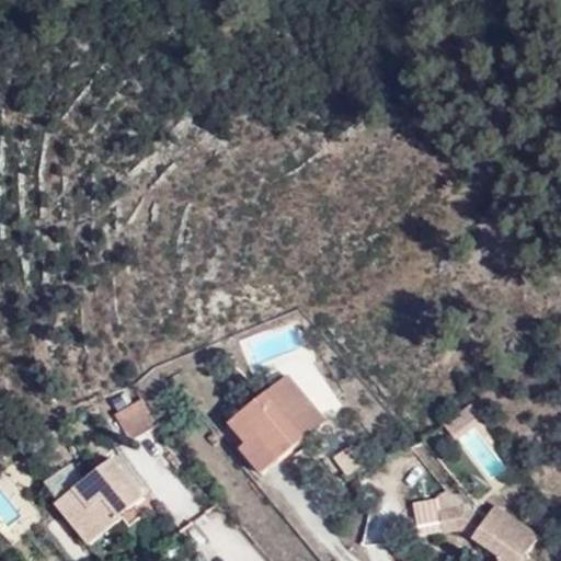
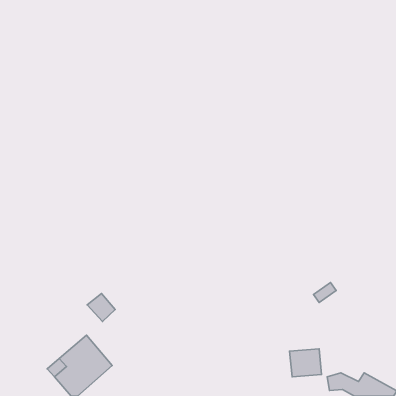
building: [236,380,329,479] -> none

